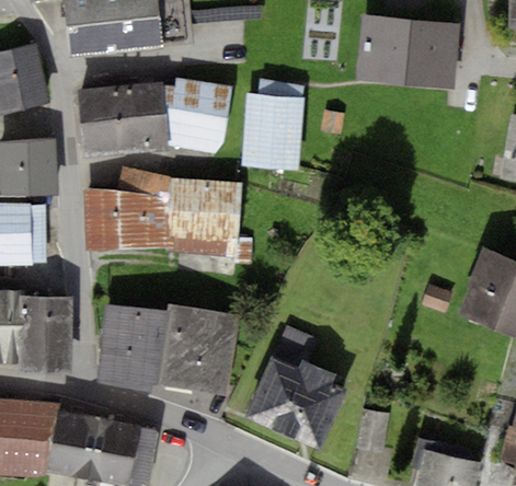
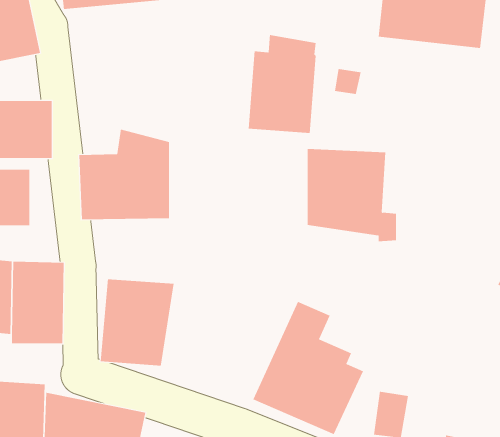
building: [76,76,230,155] -> none
building: [167,177,250,264] -> [307,149,397,242]
building: [159,302,240,397] -> none

